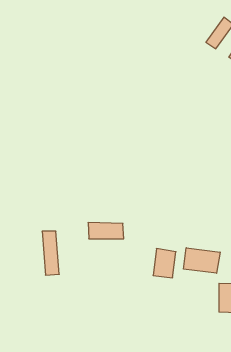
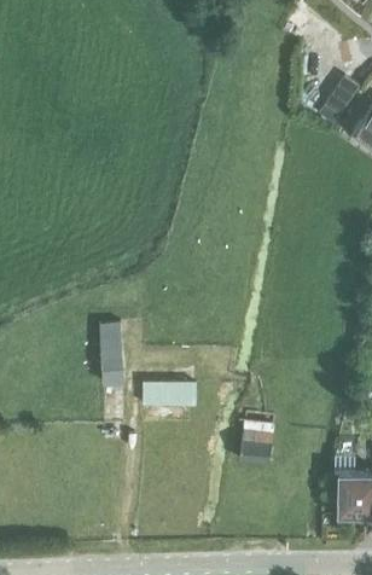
building: [42,231,59,275] -> [100,321,126,387]
building: [184,248,220,273] -> none

